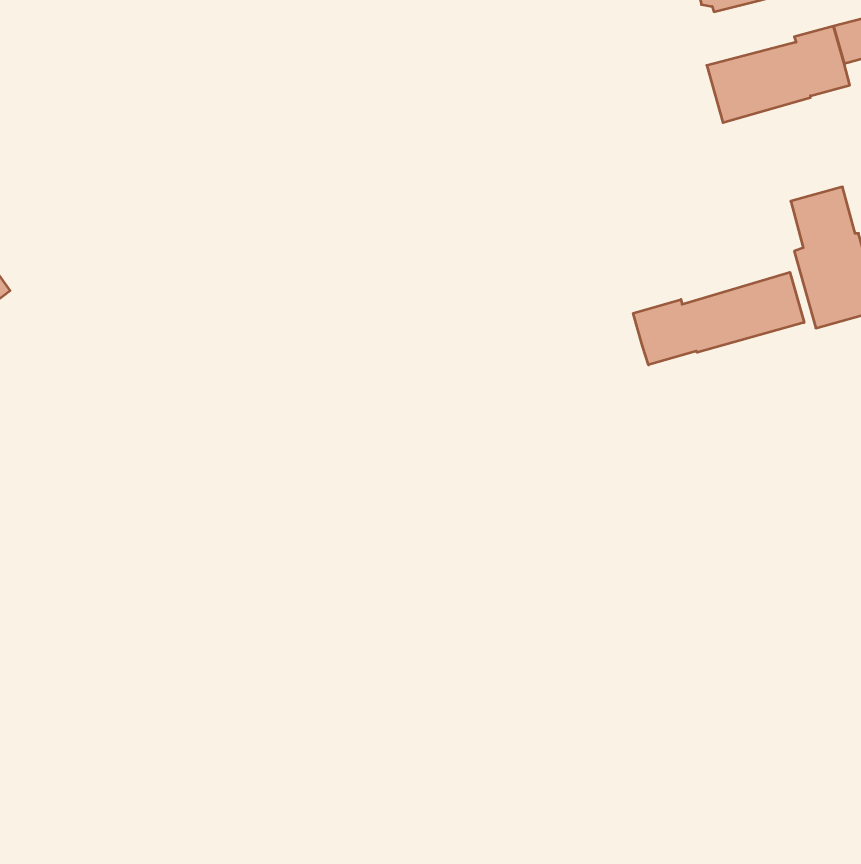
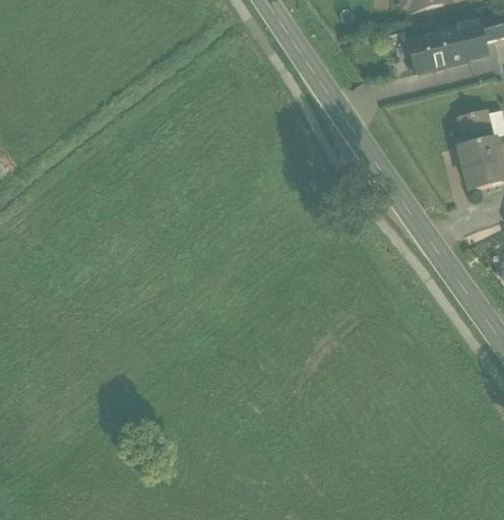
building: [633,272,804,365] -> none

